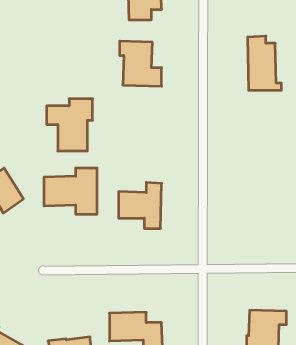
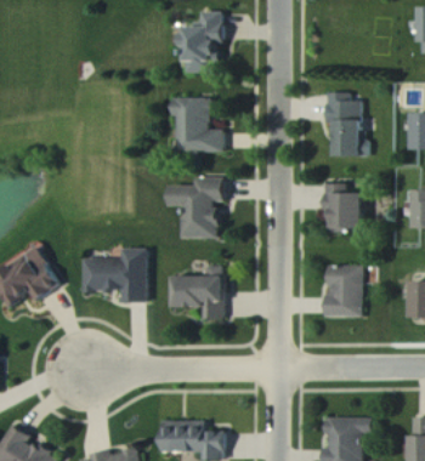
building: [47,99,93,151] -> [169,176,223,238]
building: none -> [323,183,362,229]
building: none -> [324,264,363,317]

